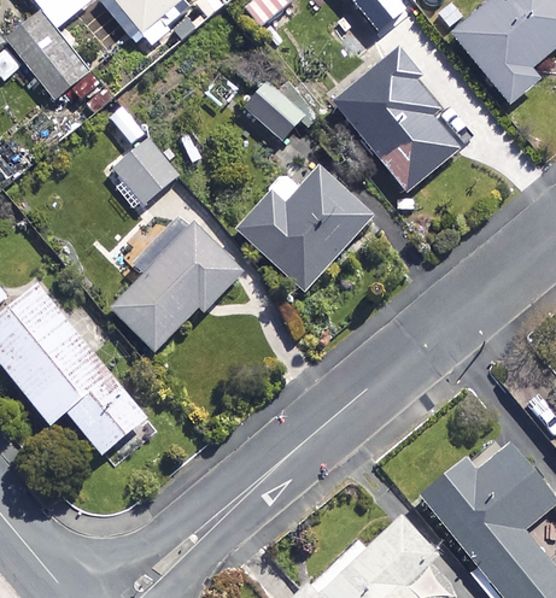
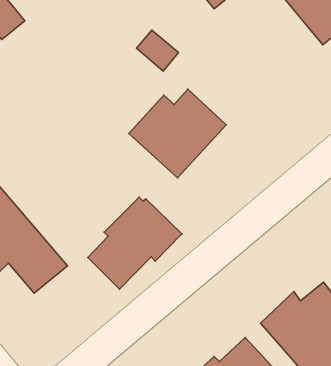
building: [334,52,461,190] -> none
building: [113,137,181,204] -> none
building: [110,219,242,350] -> [88,197,182,289]

